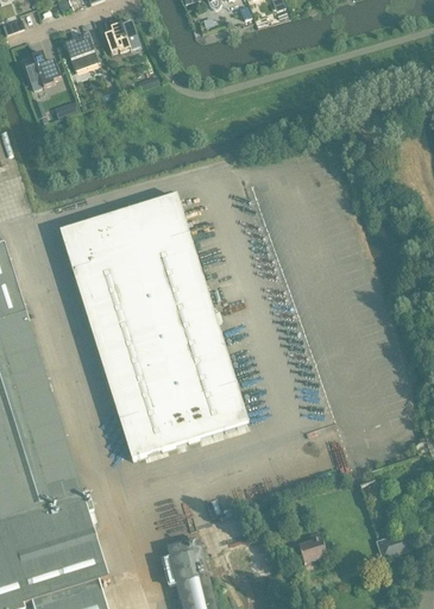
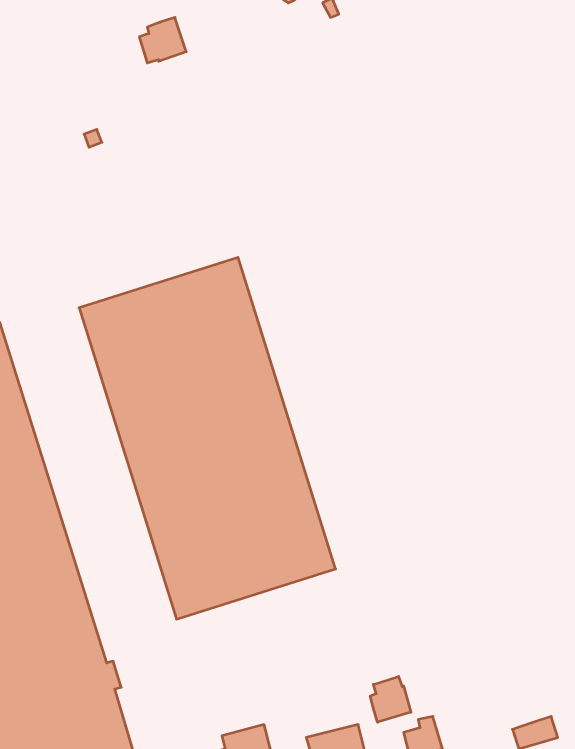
building: [64,33,98,68] -> none
building: [24,50,61,88] -> none
building: none -> [370,676,411,722]

